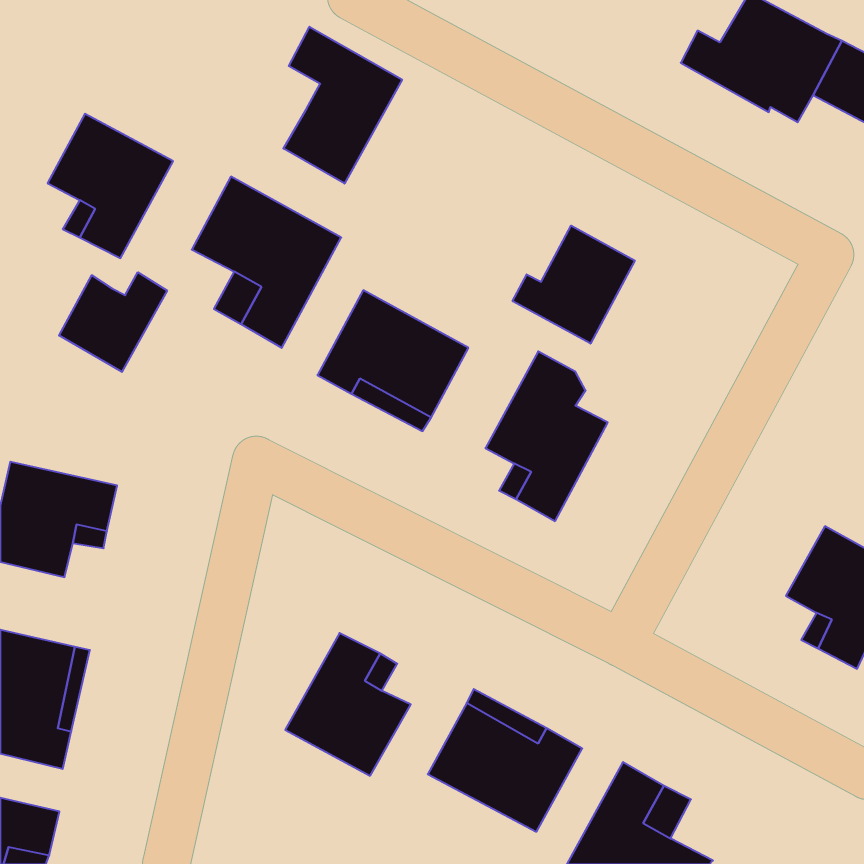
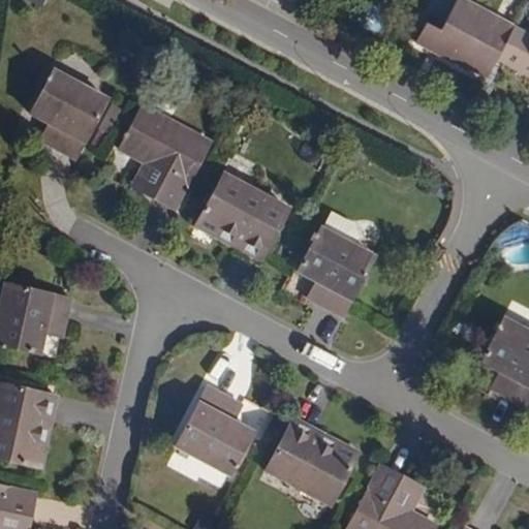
building: [283,27,402,184] -> none
building: [513,226,635,344] -> none
building: [59,272,167,372] -> none

